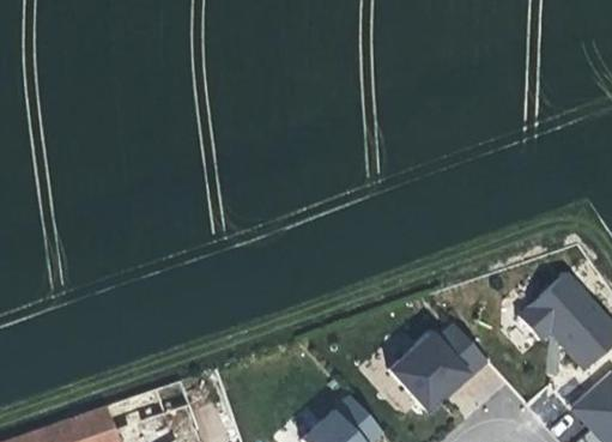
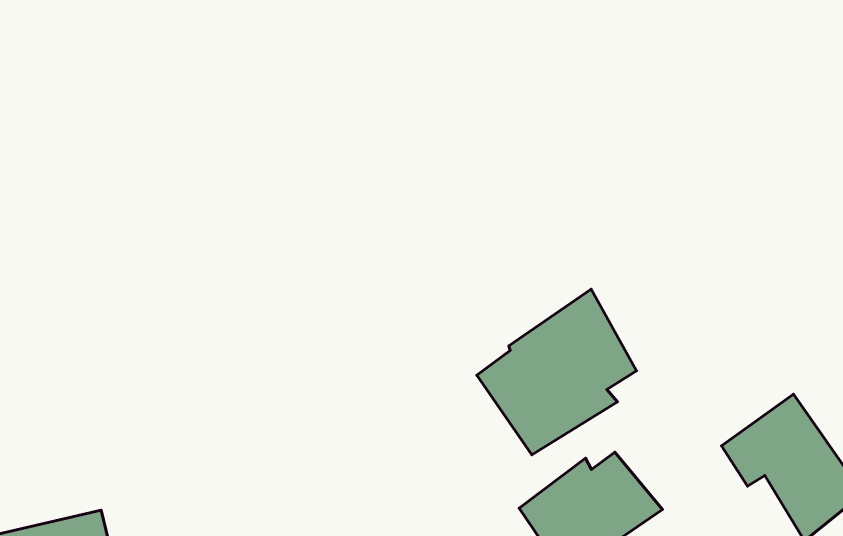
building: none -> [477,289,637,455]

